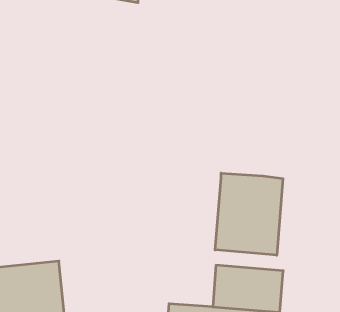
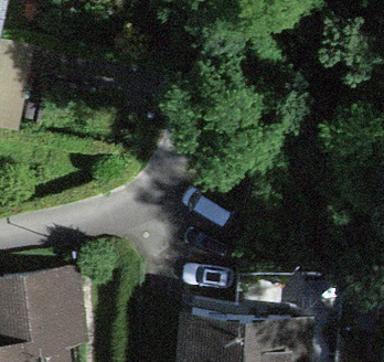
building: [215,173,283,255] -> none

